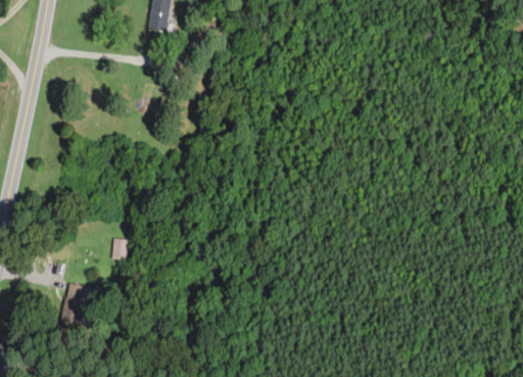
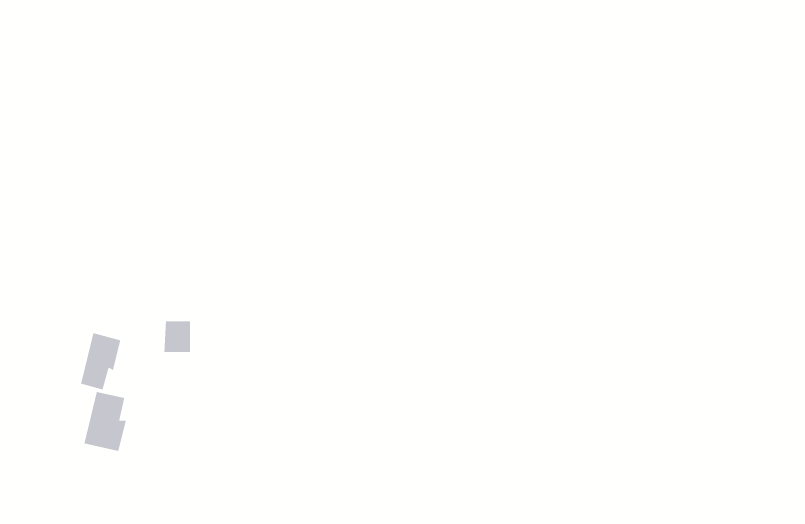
building: none -> [80,332,121,390]

